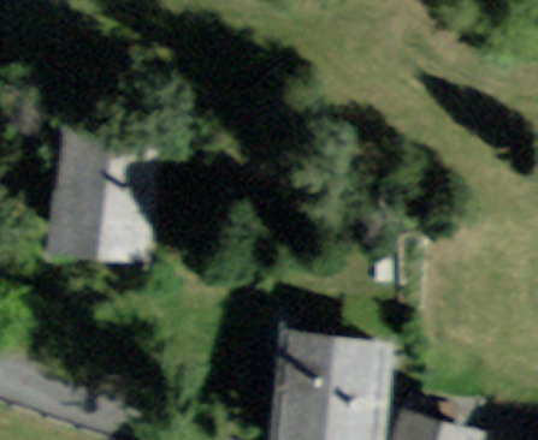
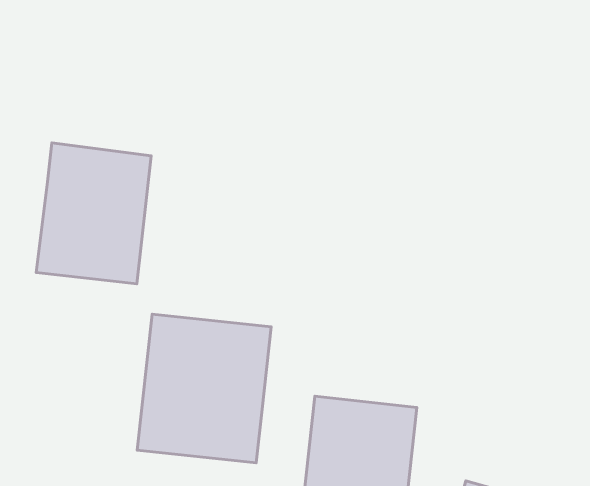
building: none -> [137,314,271,463]

